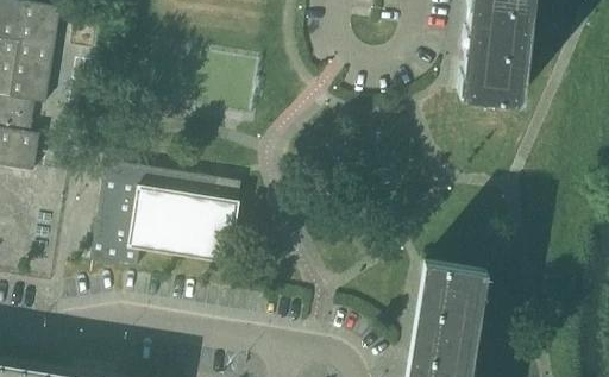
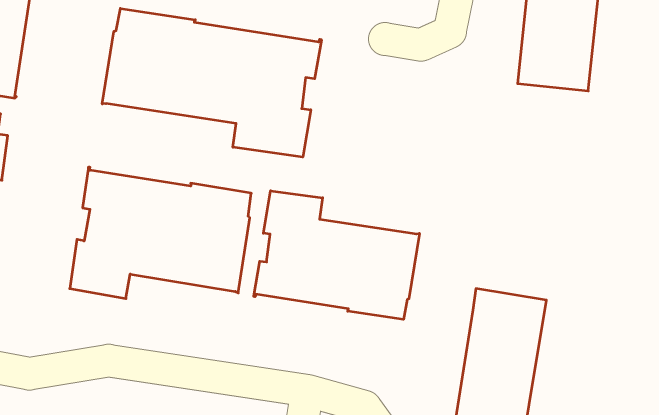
building: none -> [102,8,321,157]
building: none -> [254,191,419,319]

